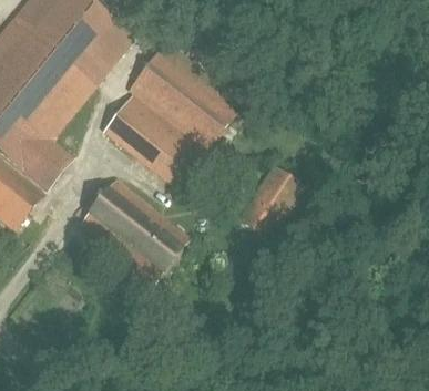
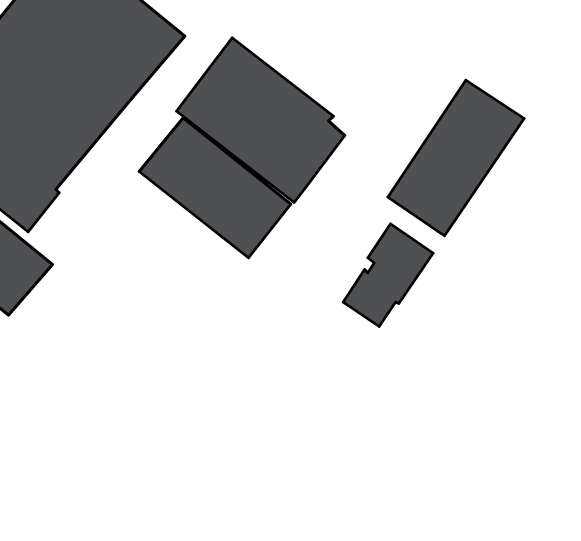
building: none -> [388,80,524,236]
building: [27,145,65,186] -> none
building: [82,181,188,280] -> none

